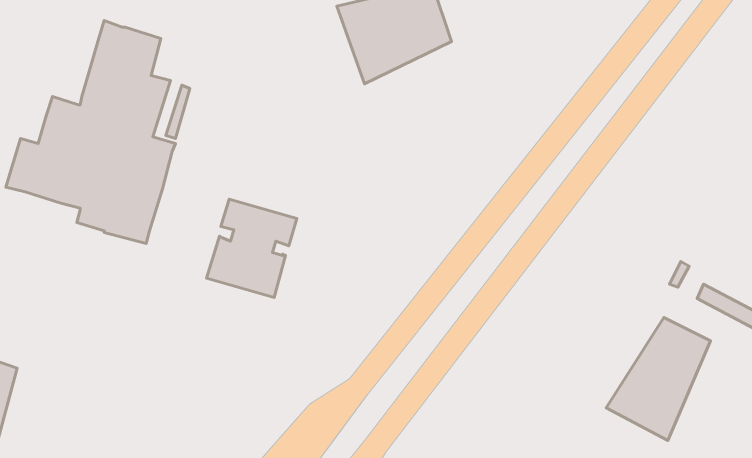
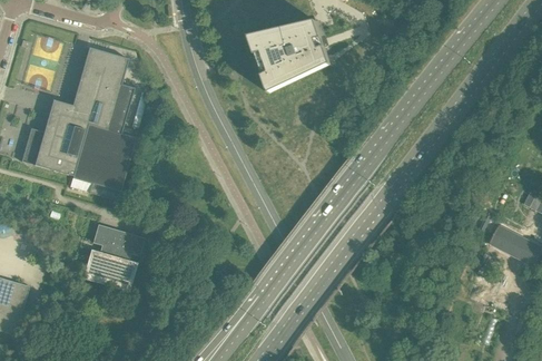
building: [206,199,297,298] -> [80,222,142,290]
building: [606,318,710,441] -> none

